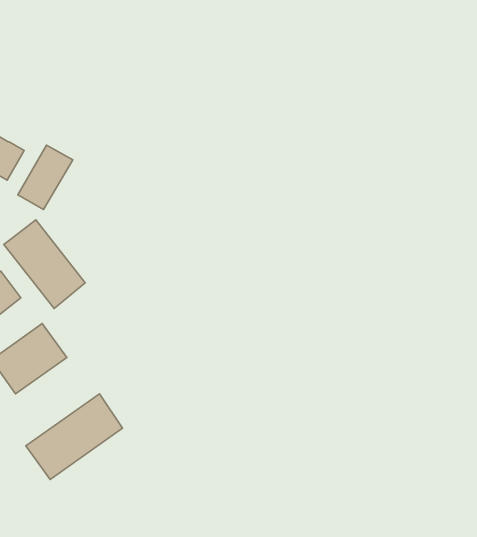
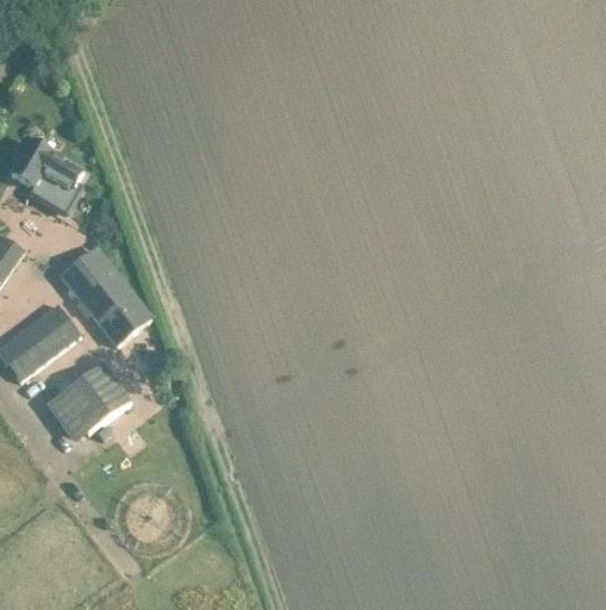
building: [18,145,73,210] -> none
building: [26,394,122,479] -> none

